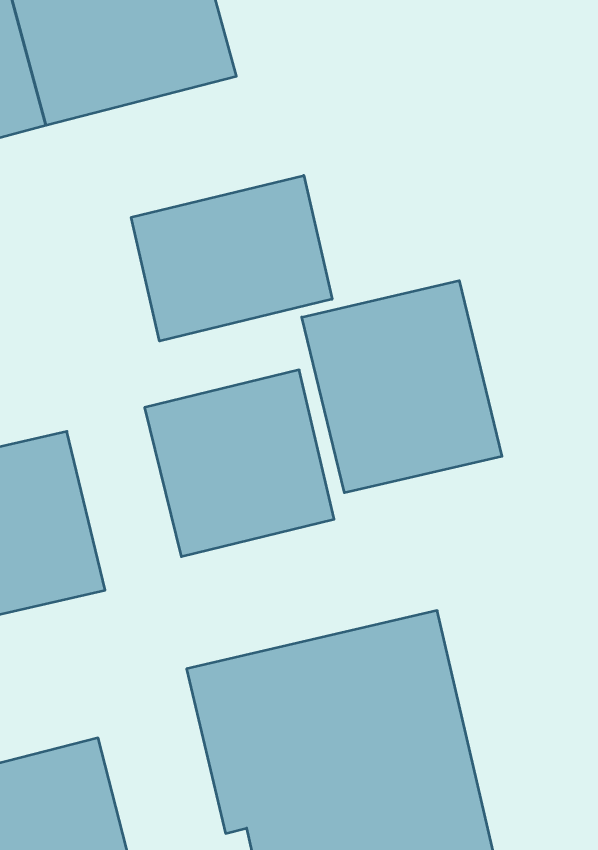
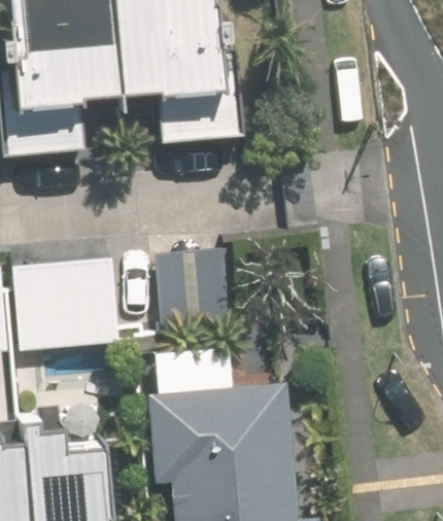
building: [131,175,332,341] -> none
building: [302,281,502,493] -> none

